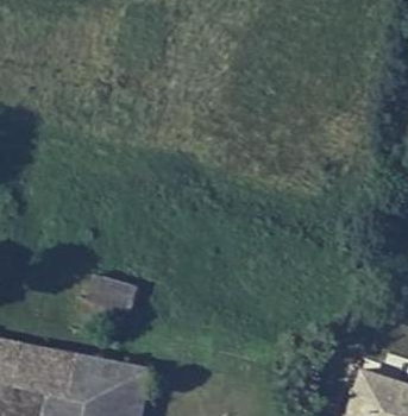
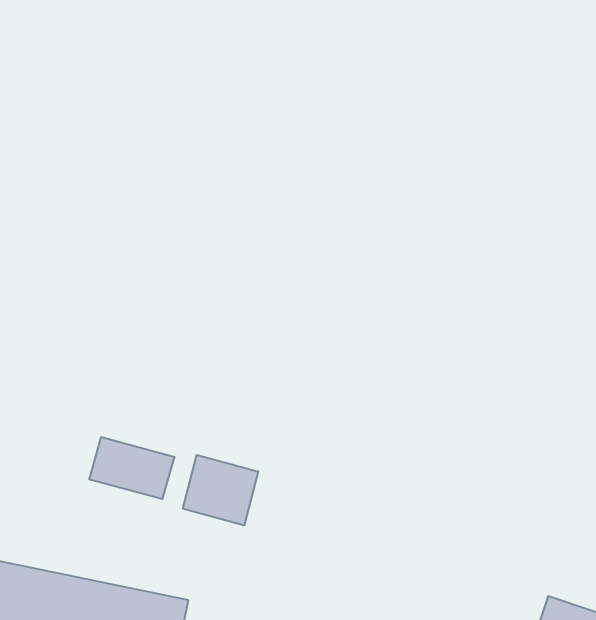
building: none -> [183,455,258,525]

